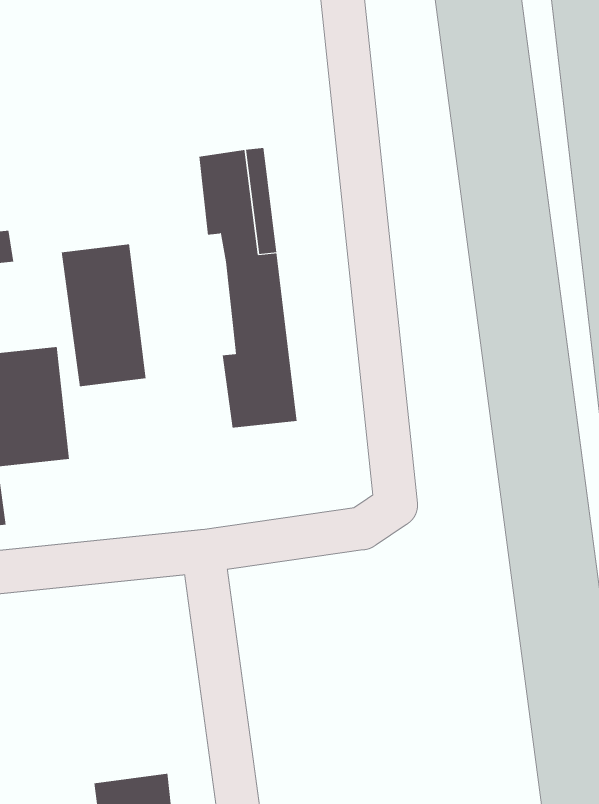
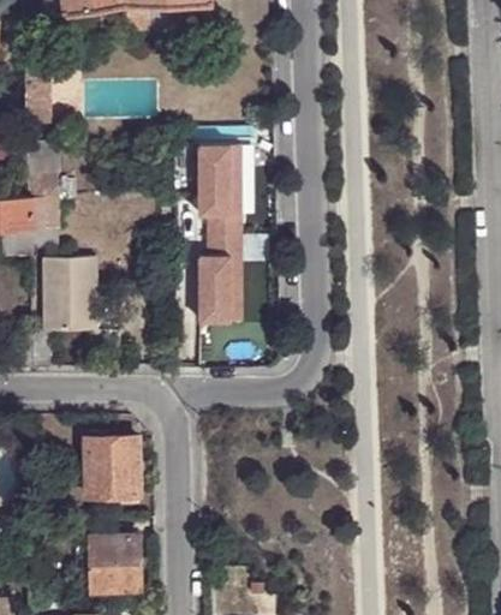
building: [61,243,146,387] -> none
building: none -> [84,437,141,496]

